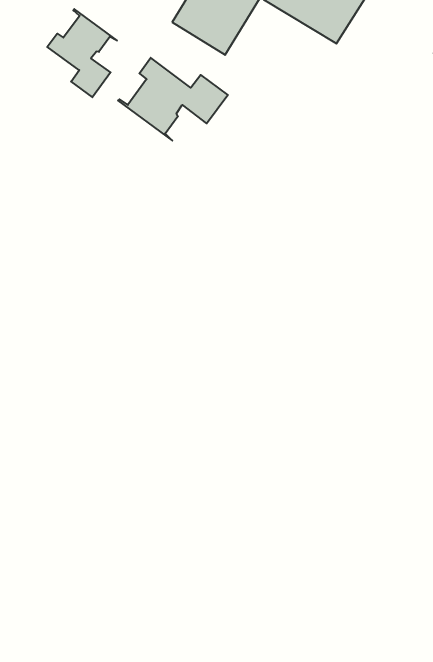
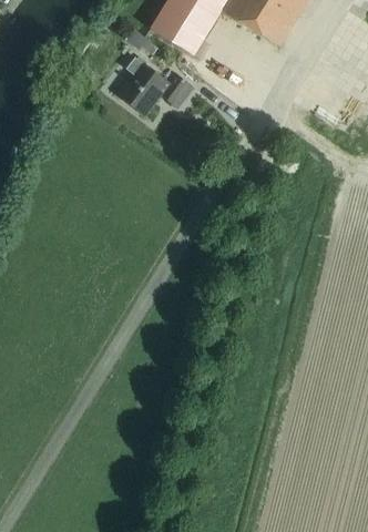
building: [47,9,117,97] -> none

